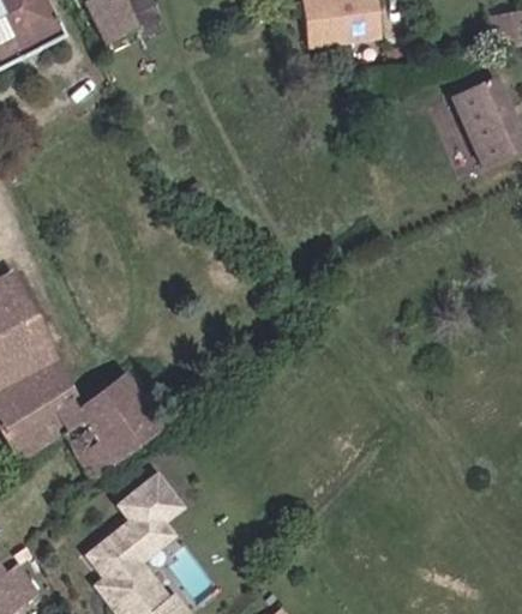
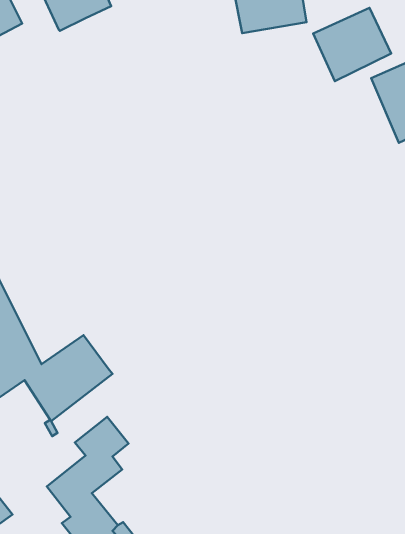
building: none -> [313,8,391,81]

